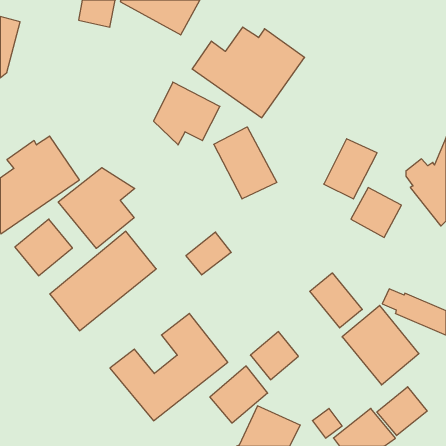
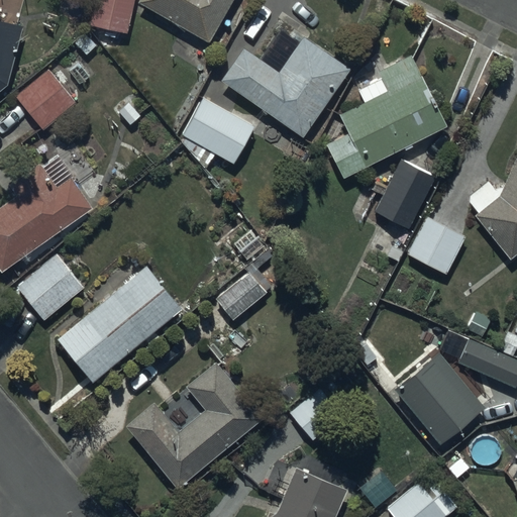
building: none -> [326,55,446,179]
building: none -> [14,68,75,127]
building: [214,127,277,199] -> none
building: [58,168,135,248] -> none
building: [310,273,362,328] -> none
building: [210,366,268,423] -> none
building: [377,387,427,436] -> none

